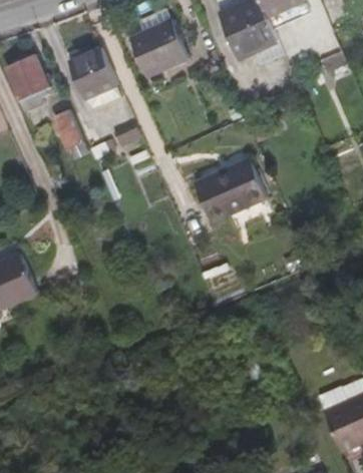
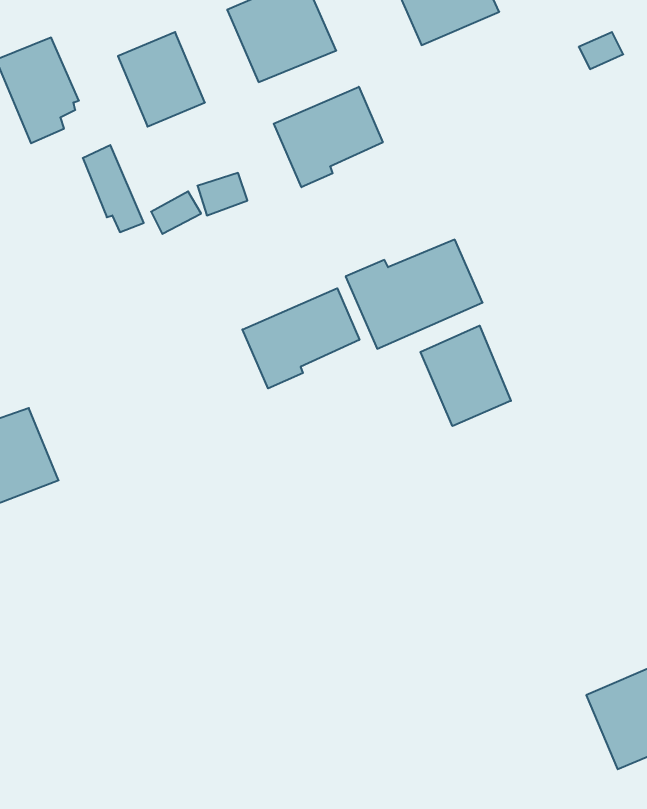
building: none -> [274,87,383,187]
building: none -> [242,288,359,388]
building: none -> [420,326,511,426]

